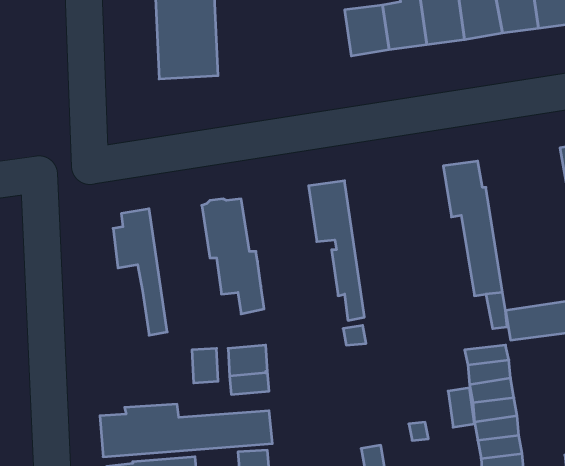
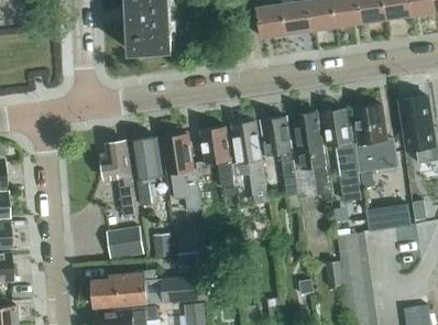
building: none -> [353,105,396,172]
building: none -> [293,112,329,195]
building: none -> [260,117,297,196]
building: none -> [199,127,237,207]
building: none -> [130,137,161,206]
building: none -> [106,227,143,259]

